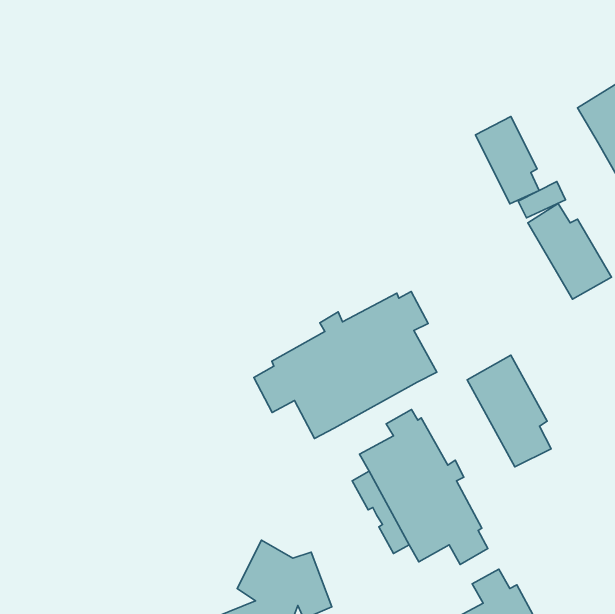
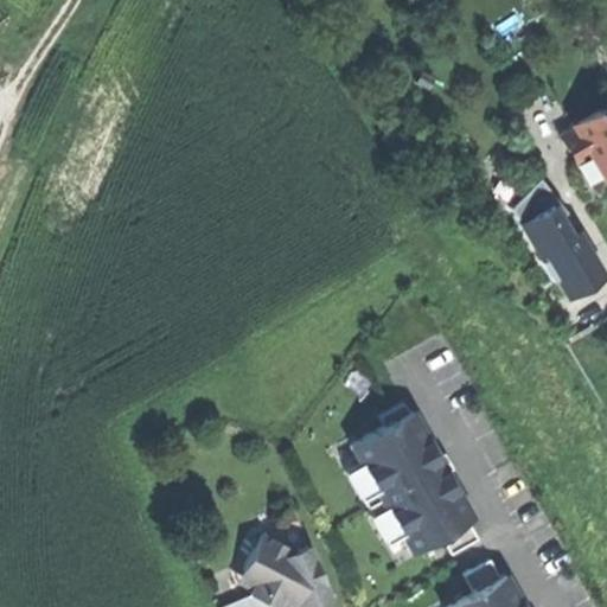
building: [475,117,539,204] -> none
building: [254,291,437,438] -> none
building: [467,355,551,467] -> none

